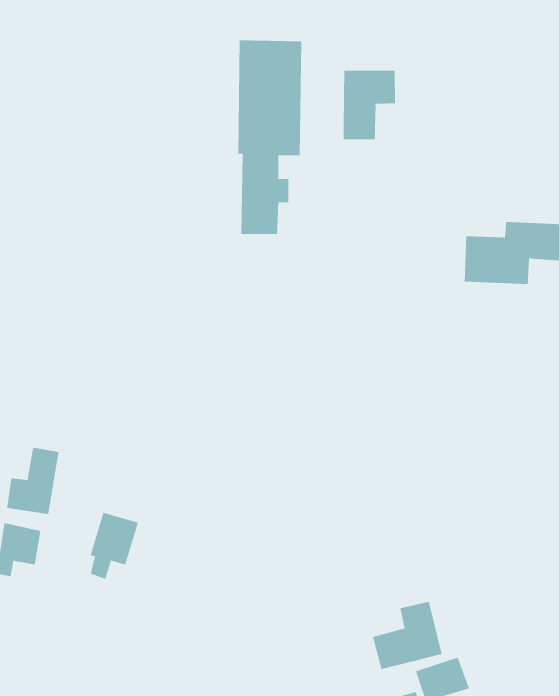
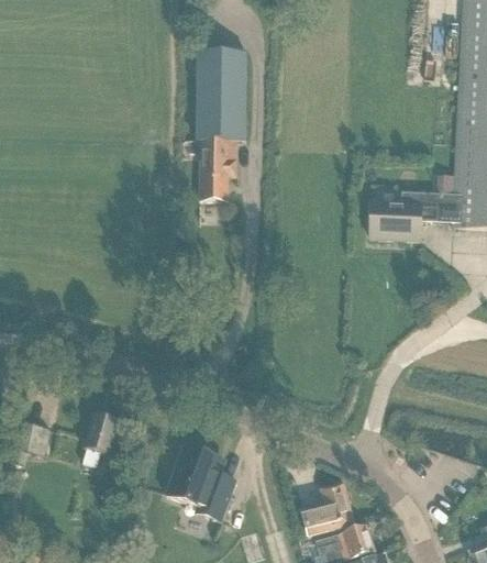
building: [343,70,395,140] -> none
building: [6,447,59,515] -> none
building: none -> [165,443,235,520]

